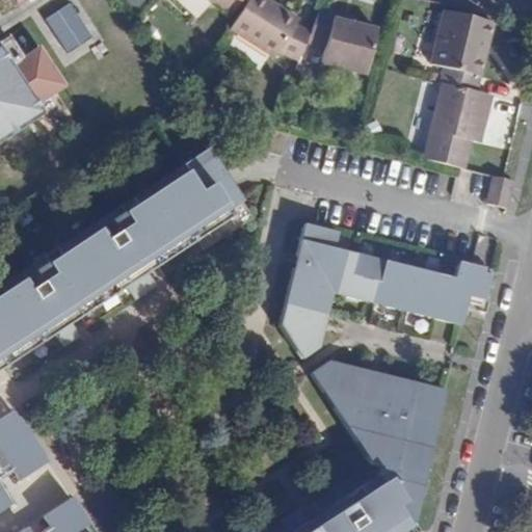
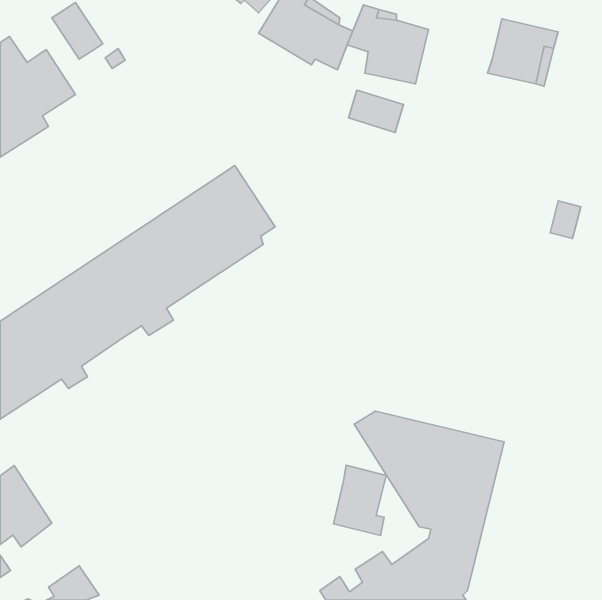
building: none -> [348,90,404,132]
building: [425,81,493,166] -> none
building: [280,223,490,356] -> none
building: none -> [333,465,386,535]

